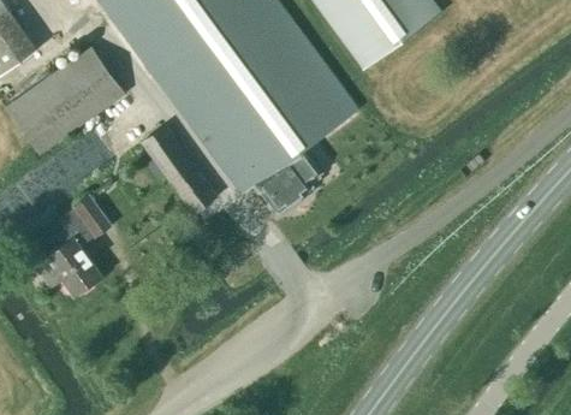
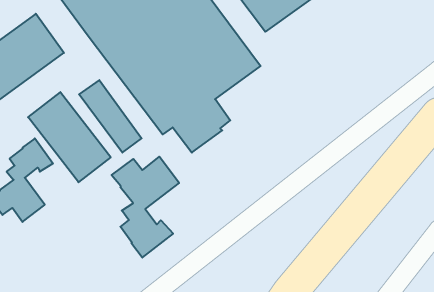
building: none -> [28,92,111,182]
building: none -> [112,157,179,258]

